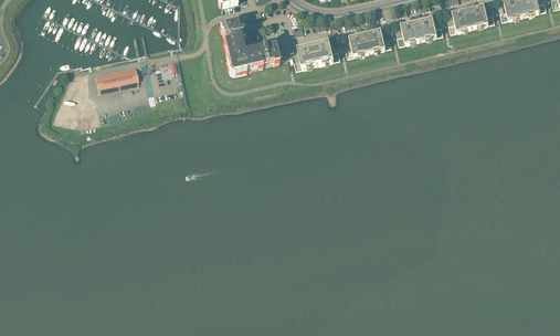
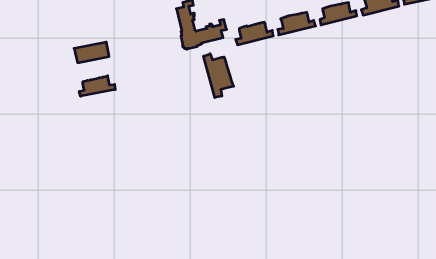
building: none -> [204,54,234,98]
building: none -> [79,76,115,96]

